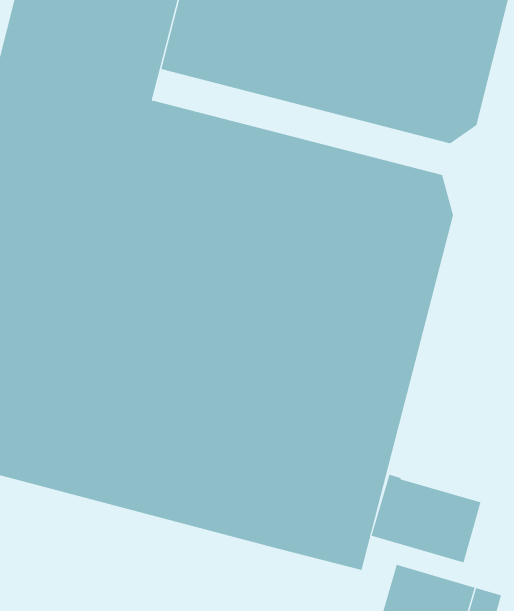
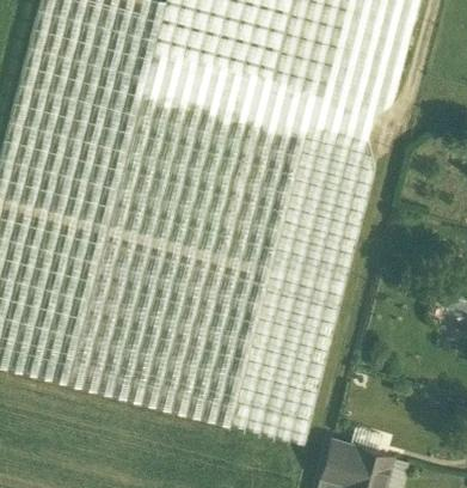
building: none -> [143,57,373,139]
building: [371,474,481,563] -> none

